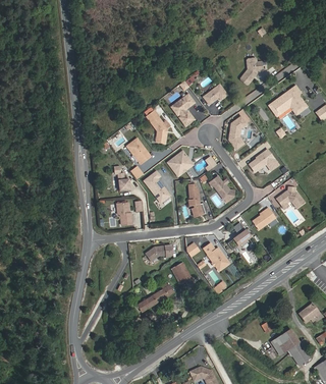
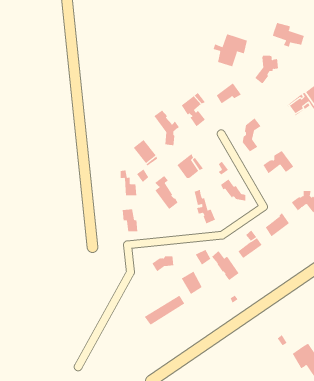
building: none -> [272,22,304,48]
building: none -> [213,33,247,67]

